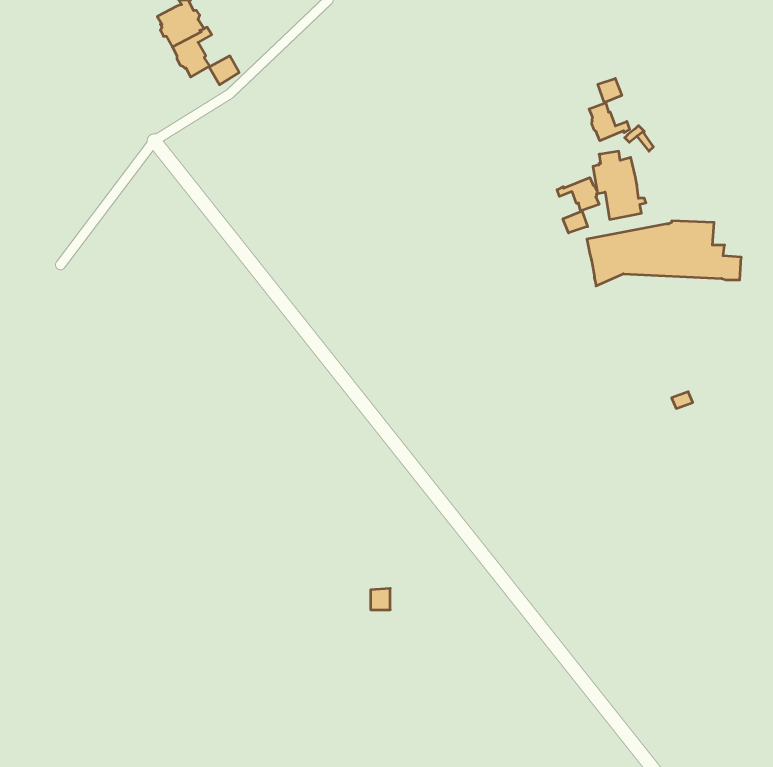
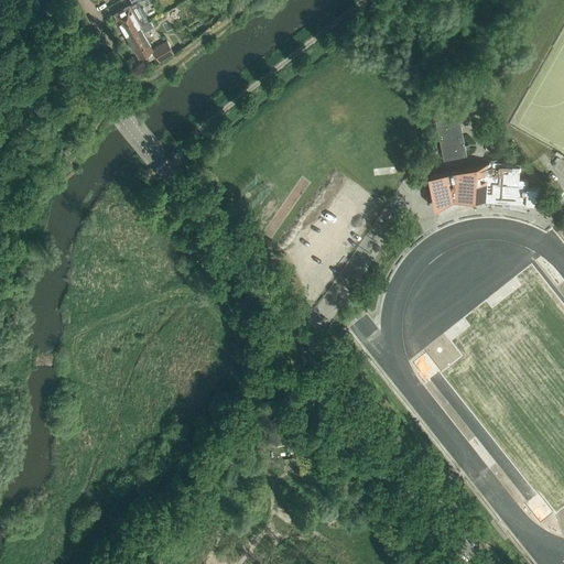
building: [589,78,630,141] -> none
building: [557,178,599,233] -> none

